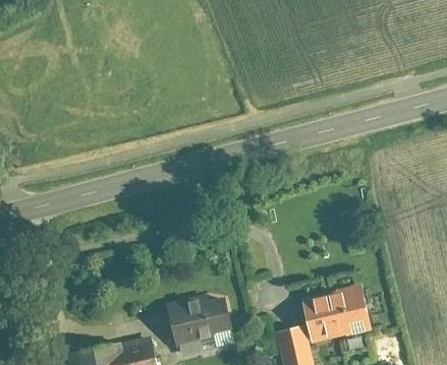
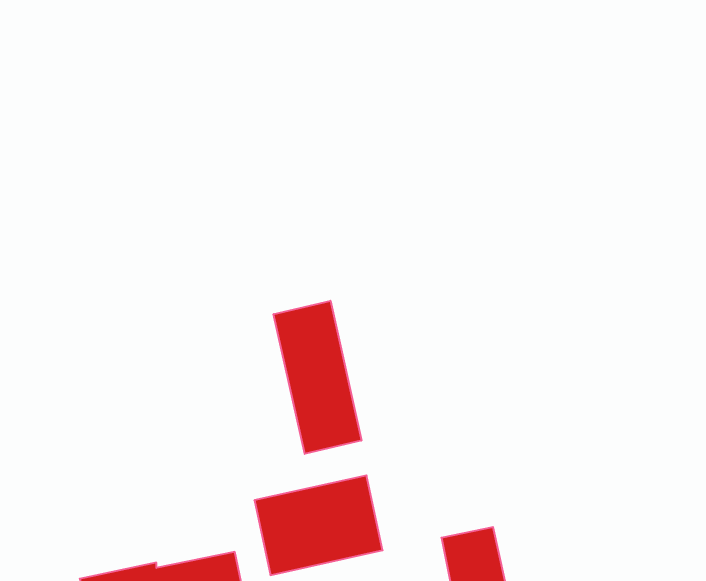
building: none -> [274,301,361,454]
building: [303,287,377,343] -> none

